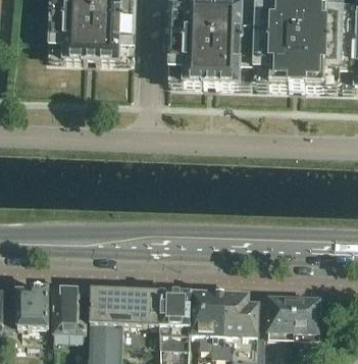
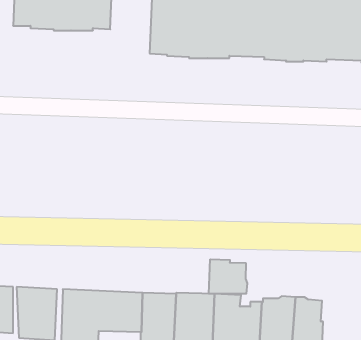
building: none -> [209,259,247,294]

